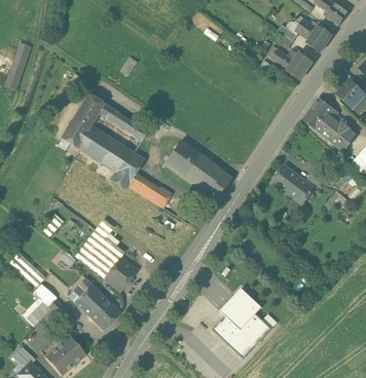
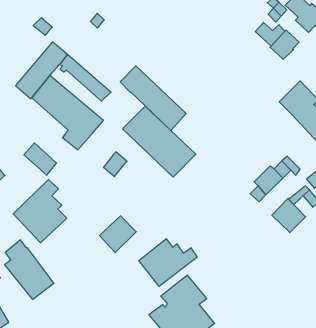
building: none -> [120,66,186,131]
building: [271,163,302,194] -> [272,198,306,233]
building: [127,173,158,200] -> [24,143,57,175]
building: [104,257,137,291] -> [100,216,136,253]
building: none -> [139,239,197,286]

